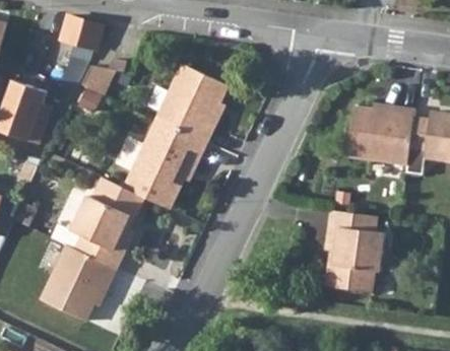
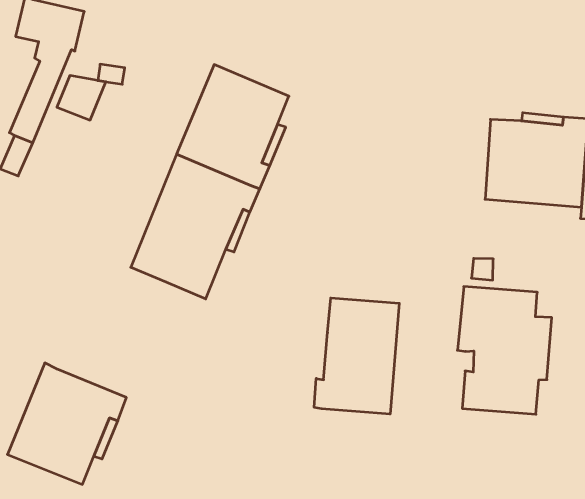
building: [71,177,144,268] -> none
building: none -> [314,298,399,414]

